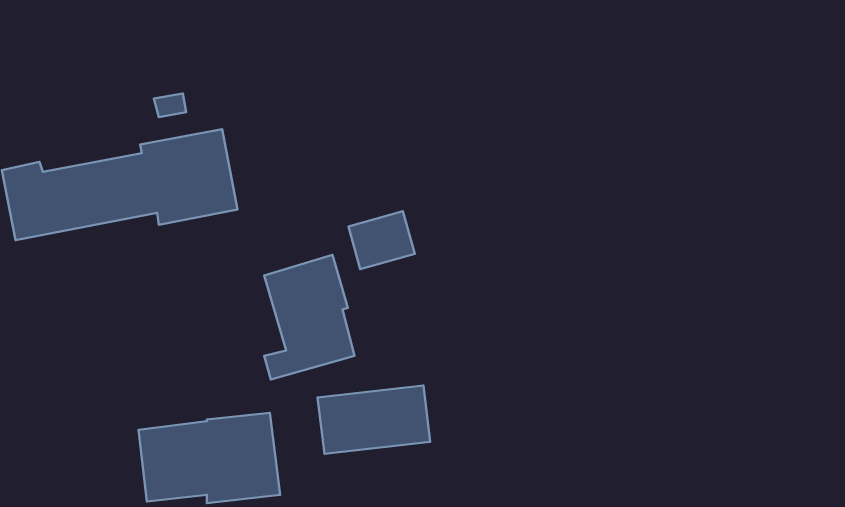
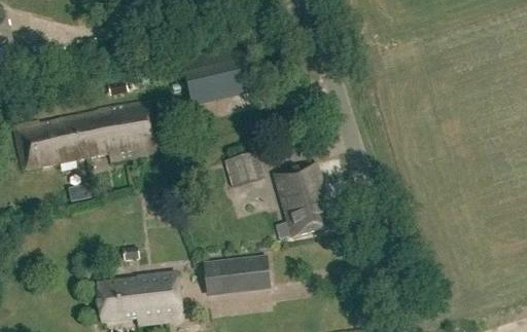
building: none -> [180,46,251,108]
building: [264,255,355,380] -> [272,163,326,238]

